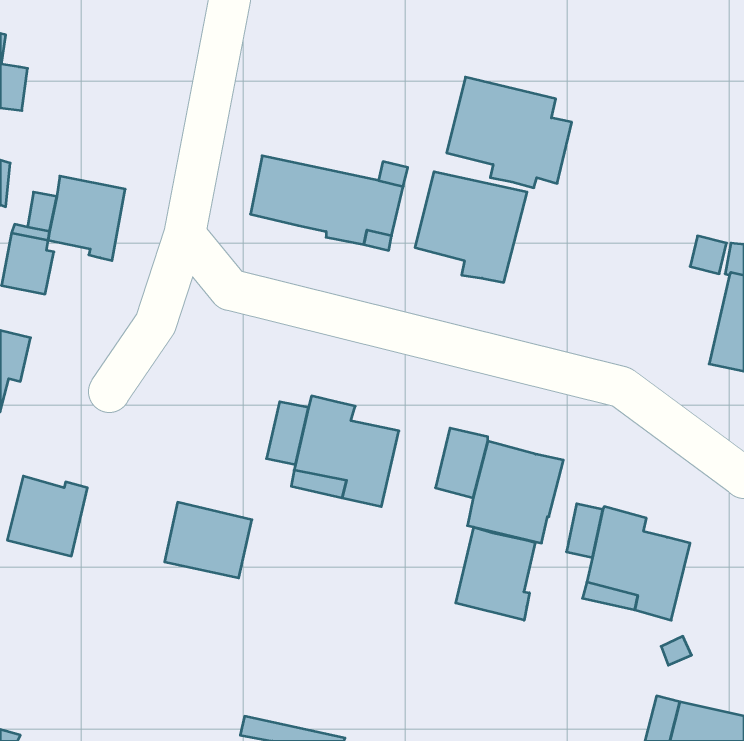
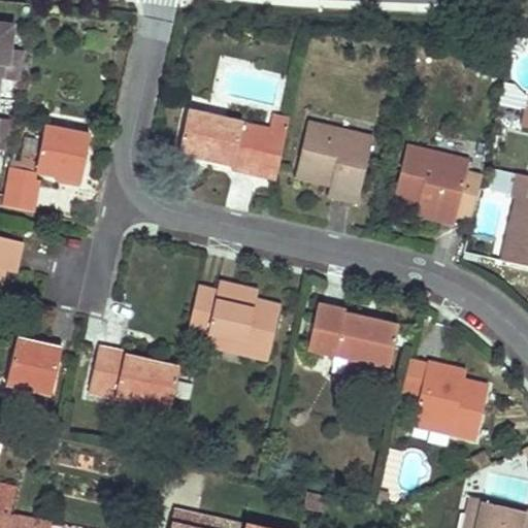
building: [447,77,572,188] -> [392,144,481,223]
building: none -> [89,346,126,398]
building: [456,527,535,620] -> none

